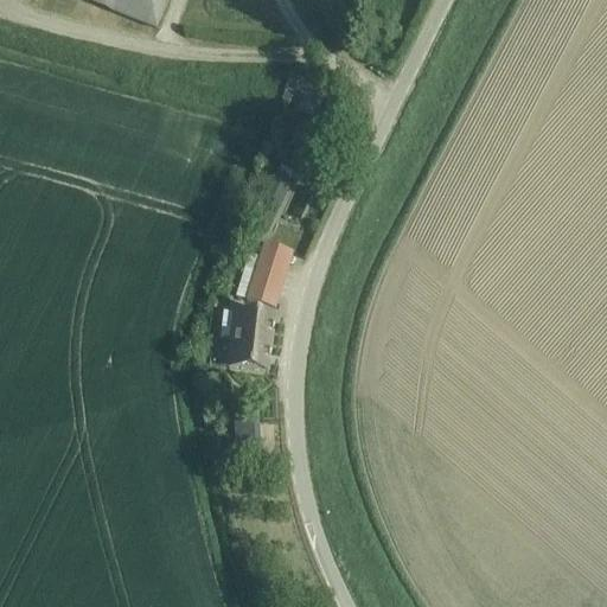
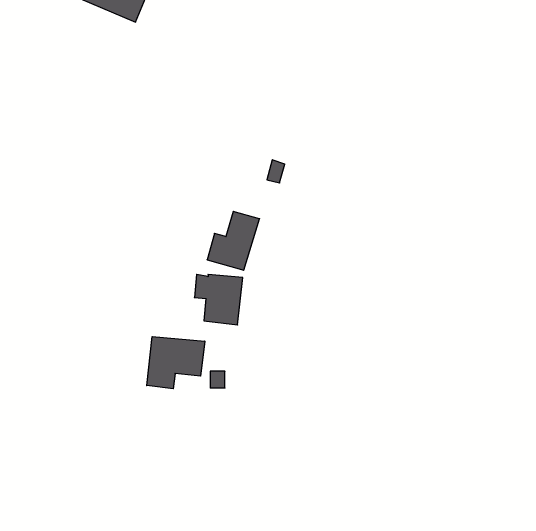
building: none -> [147,337,205,389]

